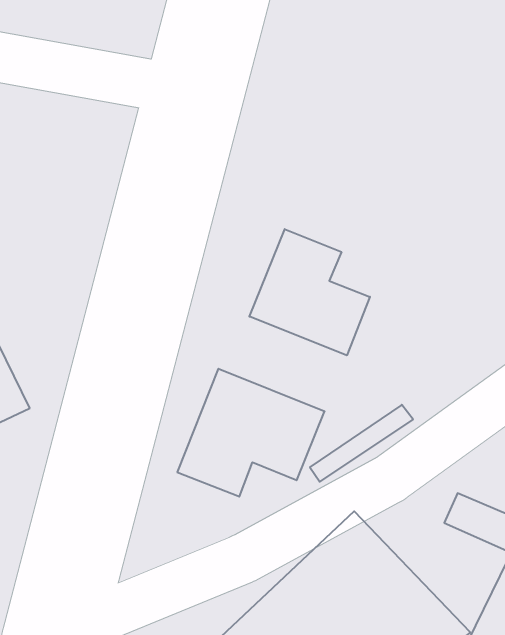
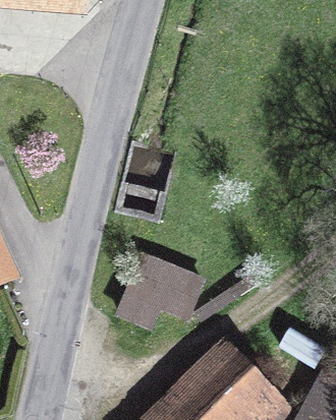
building: [249,229,370,355] -> none

